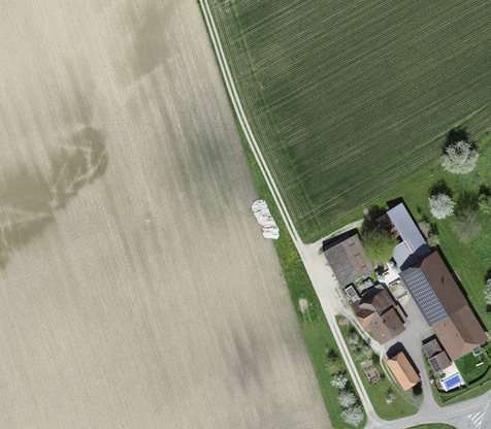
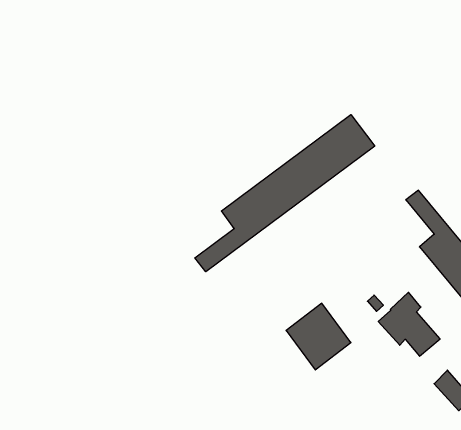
building: none -> [195,115,375,272]
building: [324,235,374,288] -> [286,303,351,370]

